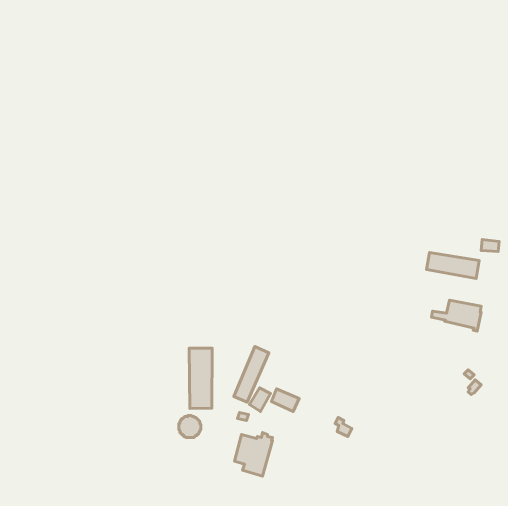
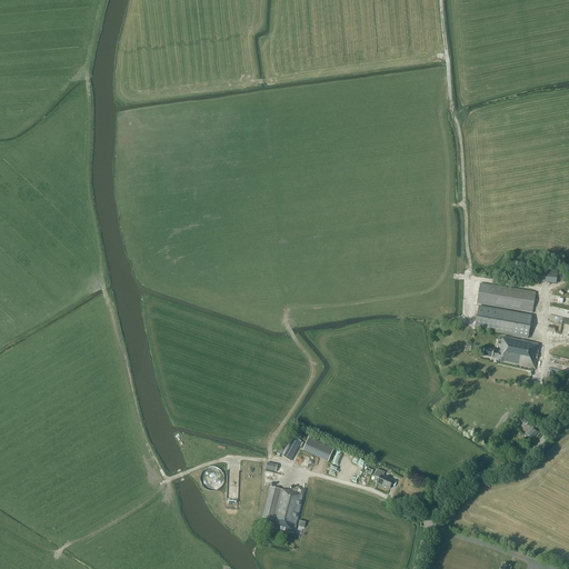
building: none -> [475,305,531,337]
building: [234,347,269,402] -> none
building: [189,348,212,408] -> none

